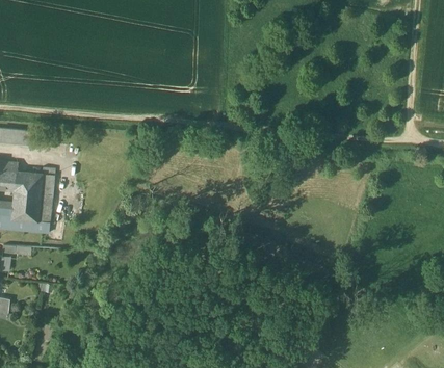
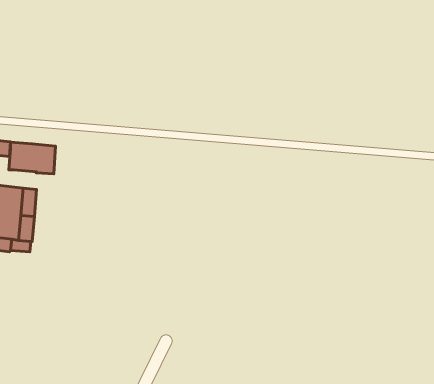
building: none -> [9,142,56,174]

